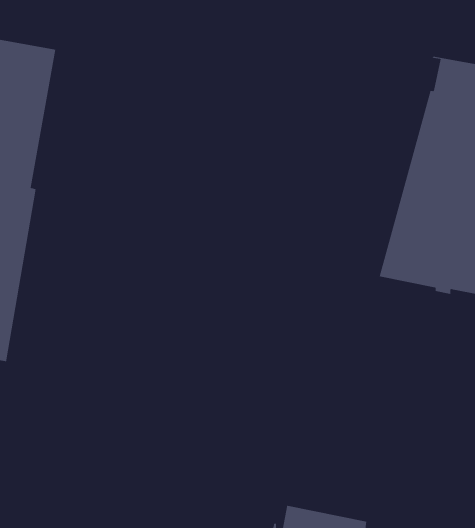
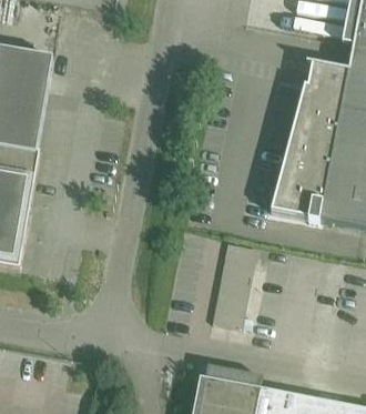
building: none -> [216,238,257,322]

